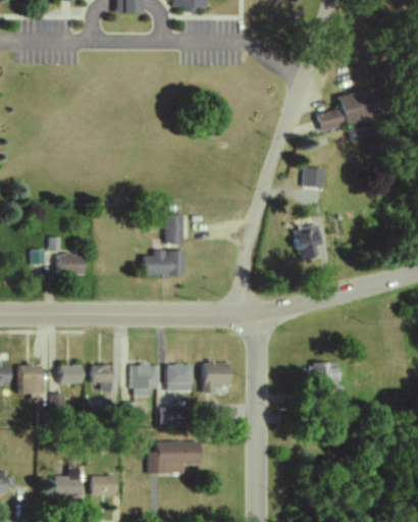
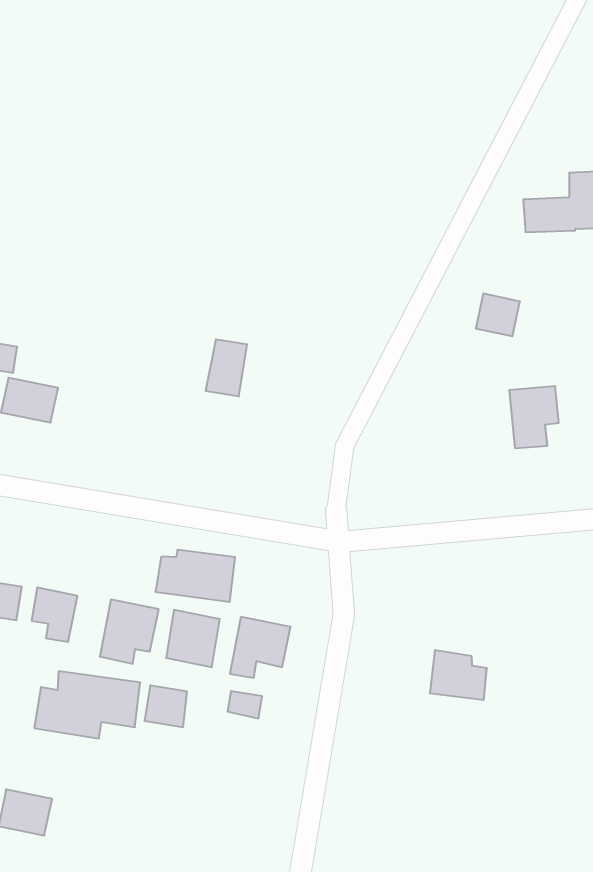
building: [296,224,325,261] -> [509,386,559,448]
building: [144,250,185,275] -> [155,550,235,602]
building: [148,440,202,474] -> [34,671,140,739]

